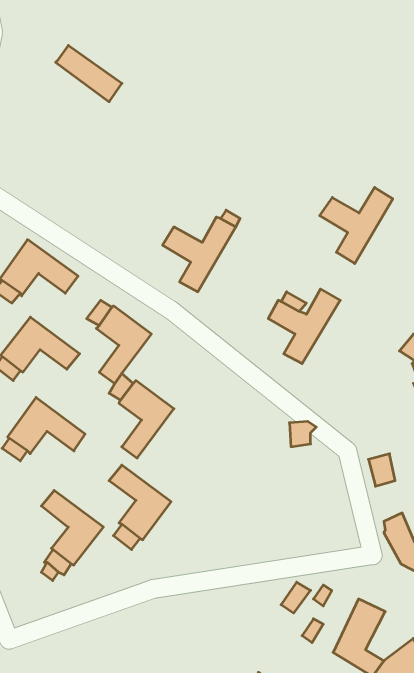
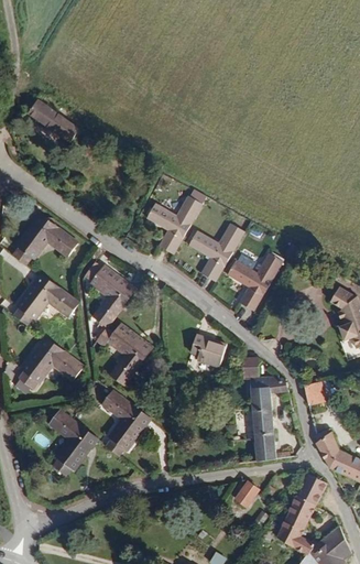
building: [56,45,122,102] -> [26,98,78,142]
building: [320,187,393,264] -> [185,224,242,283]
building: none -> [190,334,227,366]
building: none -> [250,376,288,462]
building: none -> [296,473,327,505]

